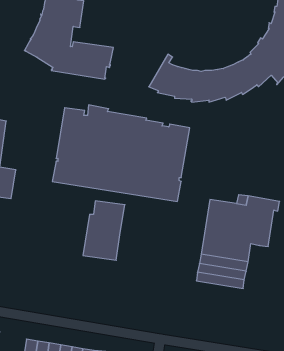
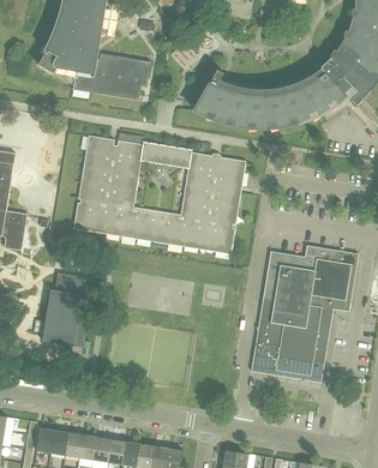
building: [83,201,125,260] -> [41,271,94,346]
building: none -> [251,353,312,374]

